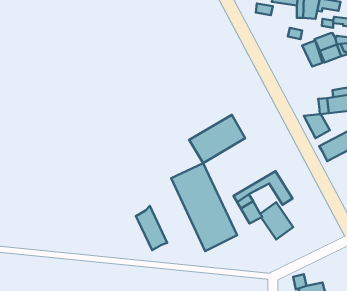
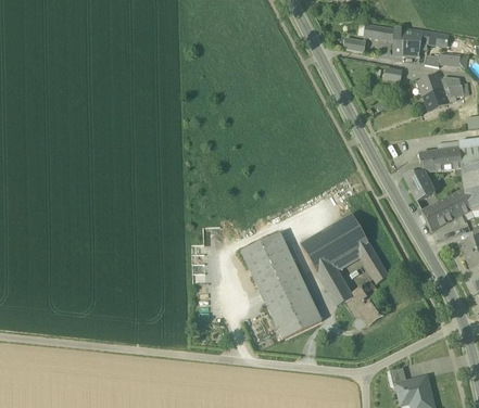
building: [302,41,323,66] -> none
building: [189,115,245,163] -> [300,213,368,271]
building: [136,206,167,250] -> none

